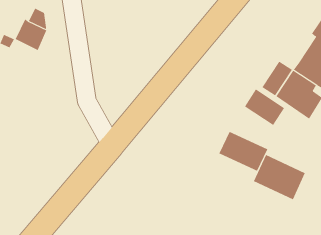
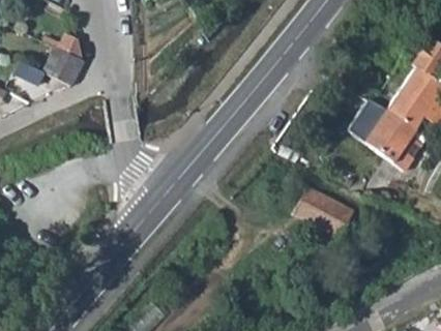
building: [244,89,285,126] -> none
building: [253,154,306,200] -> none

